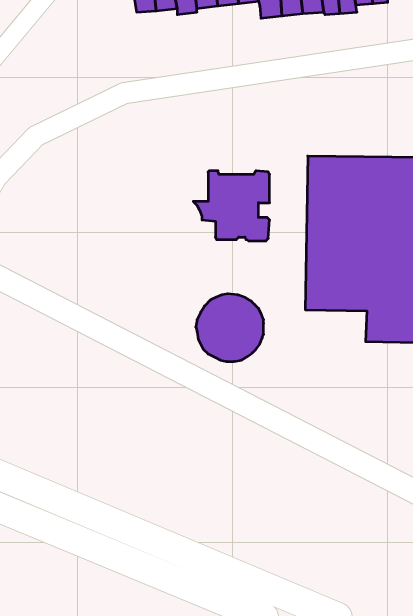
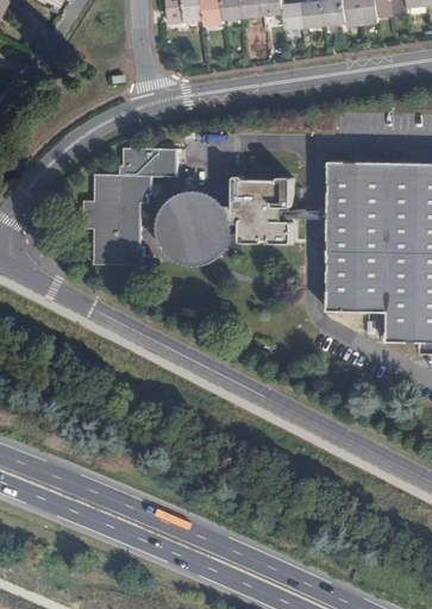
building: none -> [82,150,176,268]
building: [196,294,264,361] -> [162,195,227,260]

